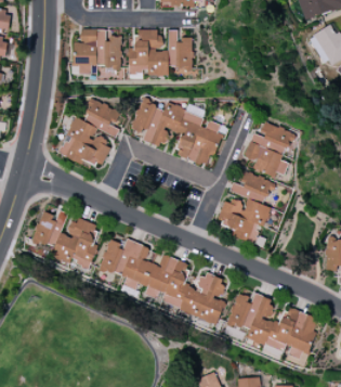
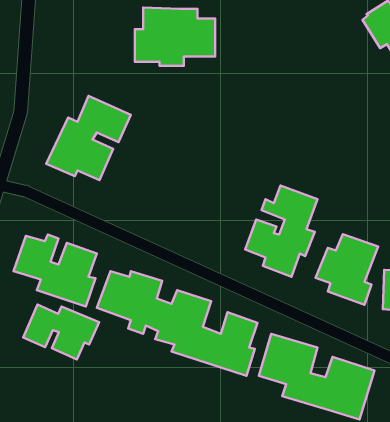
building: [75,29,121,74] -> none
building: [130,99,223,166] -> none
building: [244,122,293,179] -> [315,234,378,305]
building: none -> [23,304,99,359]

